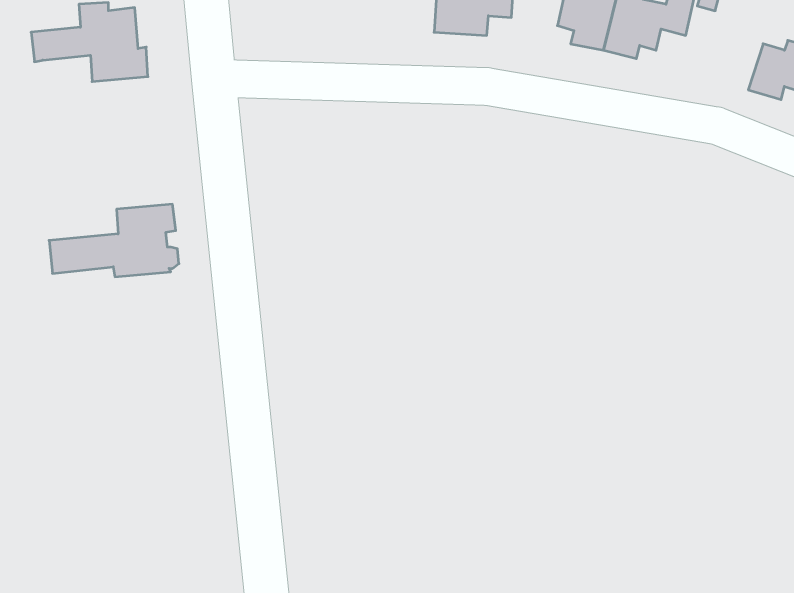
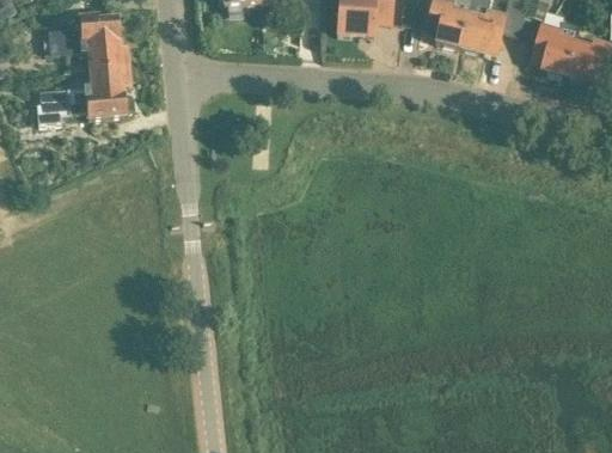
building: none -> [532,20,580,75]
building: [49,204,179,277] -> [38,66,133,118]

